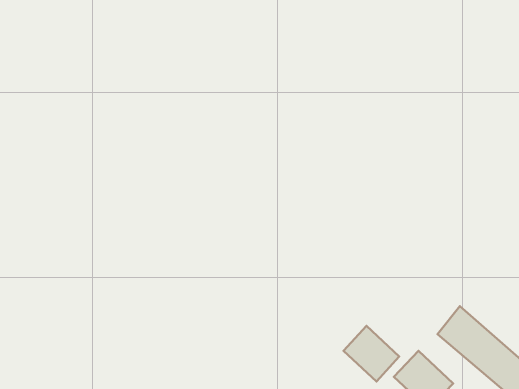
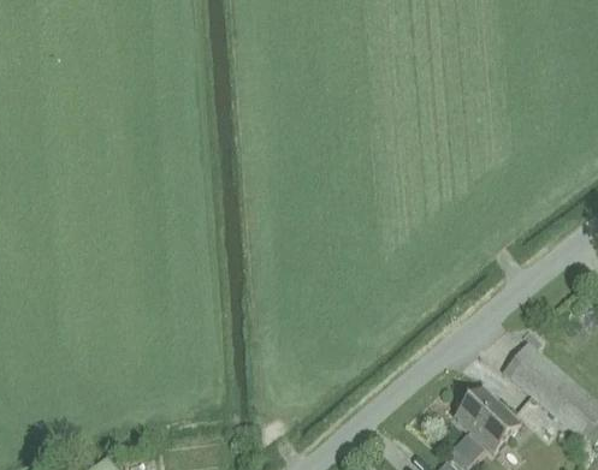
building: [343,326,399,382] -> none

